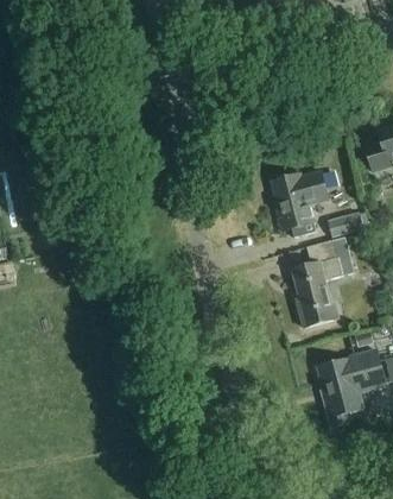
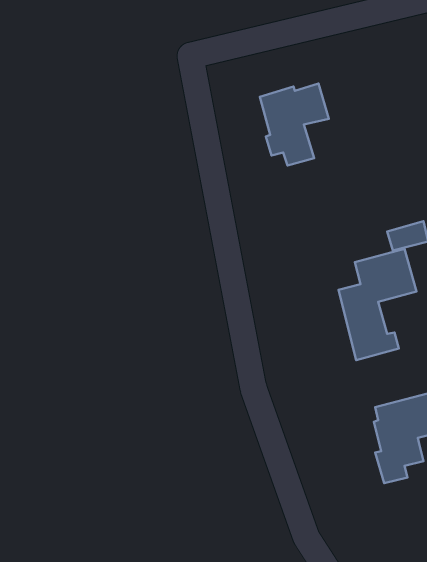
building: [272,170,328,236] -> [260,84,329,166]

